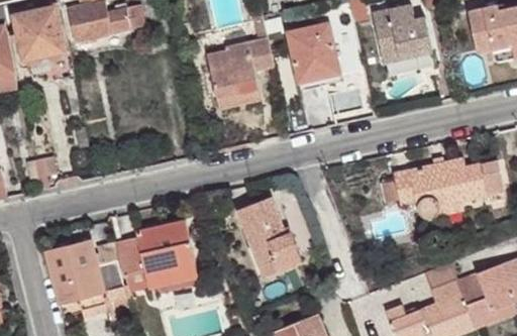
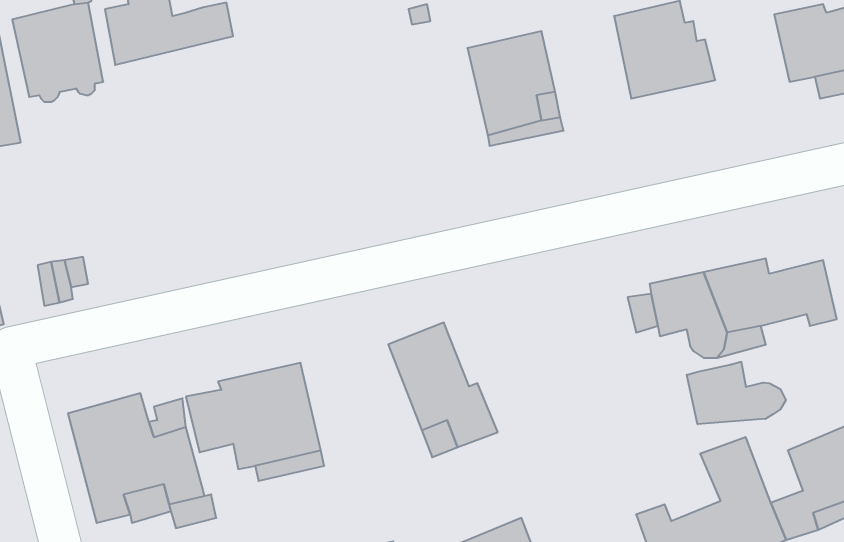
building: [207,27,274,103] -> none
building: none -> [687,362,786,424]

